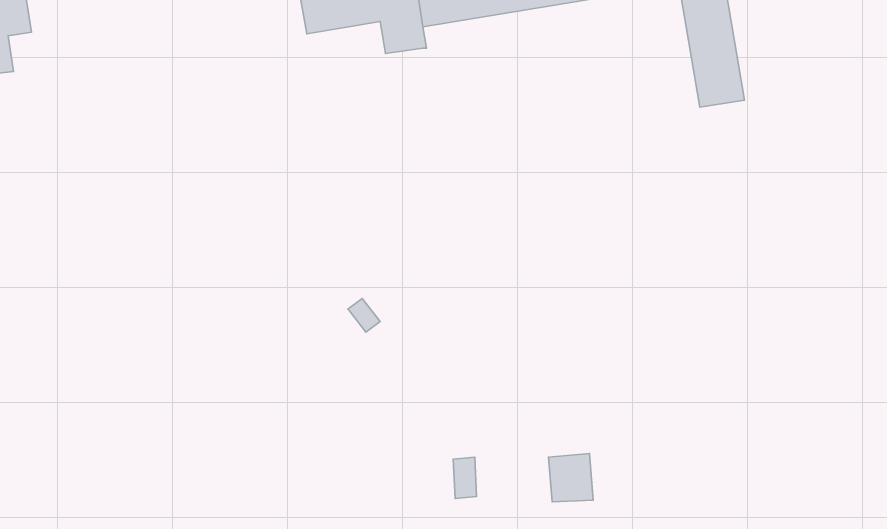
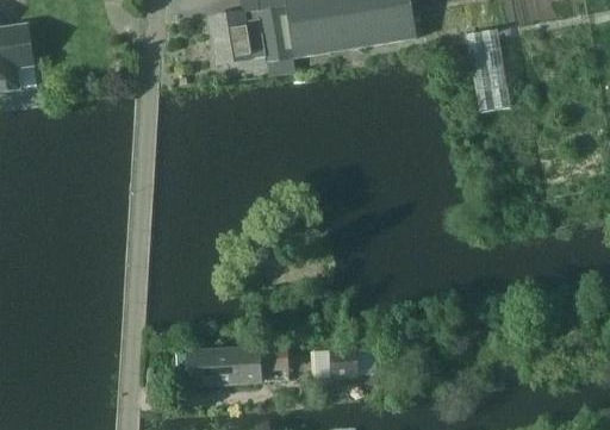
building: [548,454,593,502] -> [329,345,359,378]
building: none -> [186,348,286,384]

